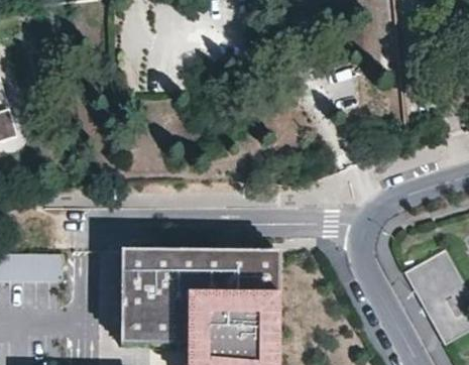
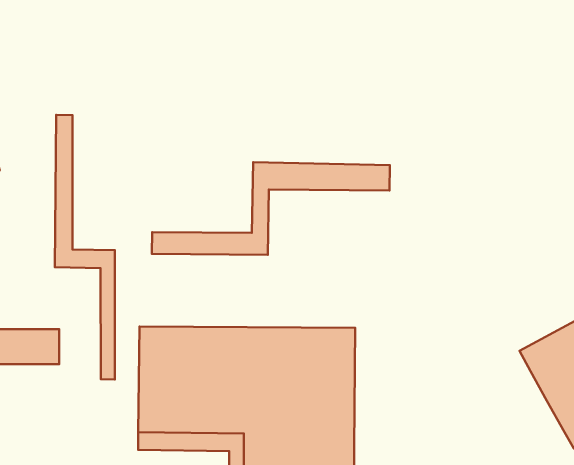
building: none -> [55,115,115,379]
building: none -> [152,162,390,255]

